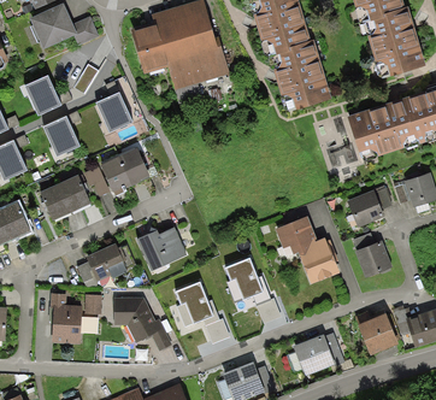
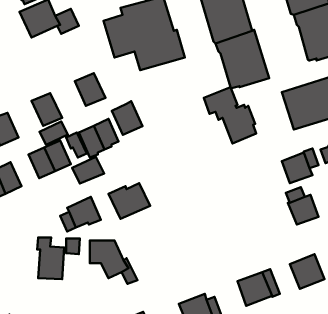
building: [24,76,60,116] -> none
building: none -> [112,101,143,135]
building: none -> [40,121,68,145]
building: none -> [72,157,104,184]
building: [275,216,338,284] -> [204,87,256,143]
building: [220,254,266,304] -> none
building: [171,278,217,329] -> none

